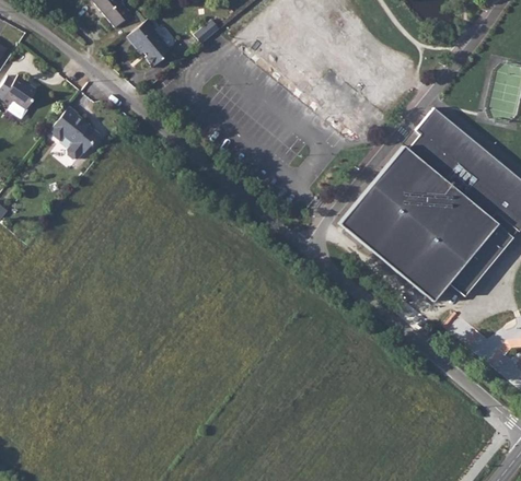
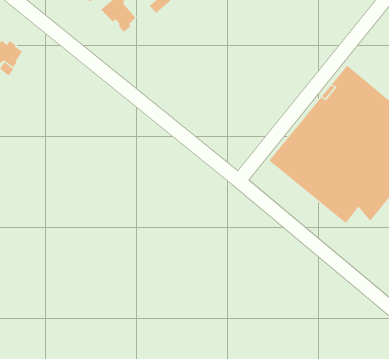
building: [48,106,94,159] -> none

